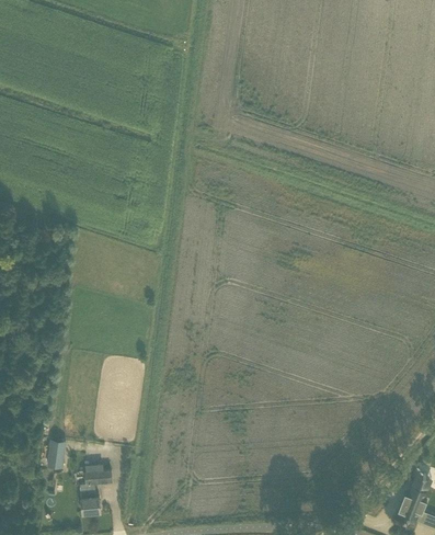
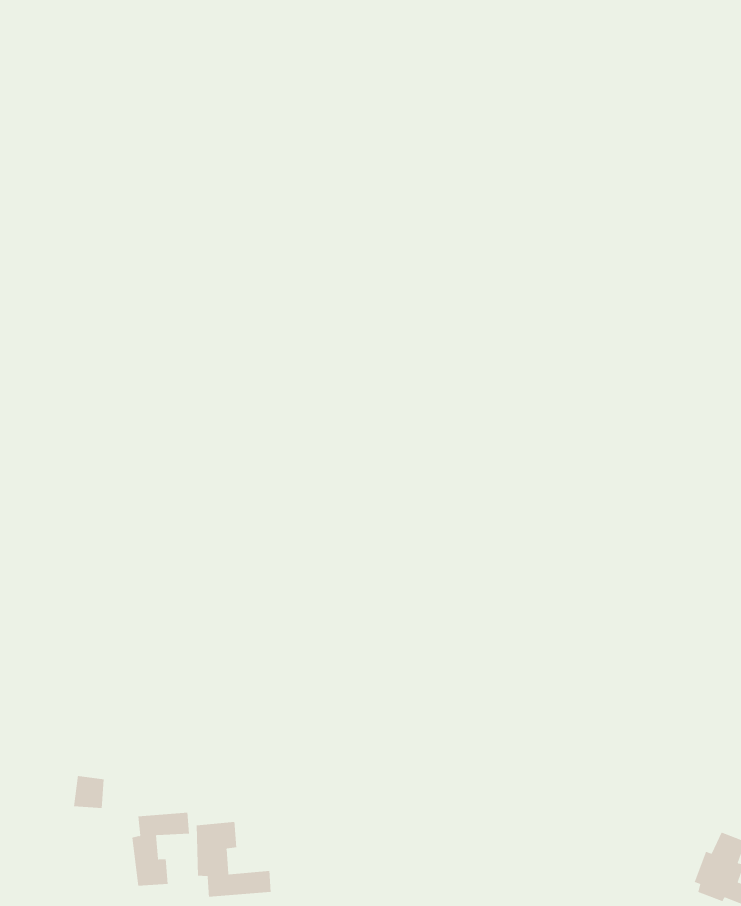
building: none -> [196,821,271,897]

